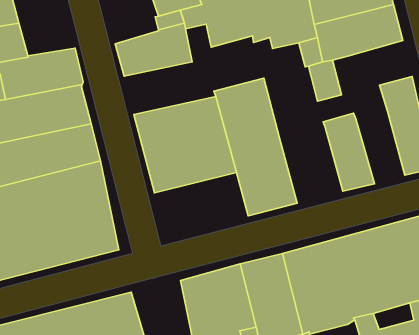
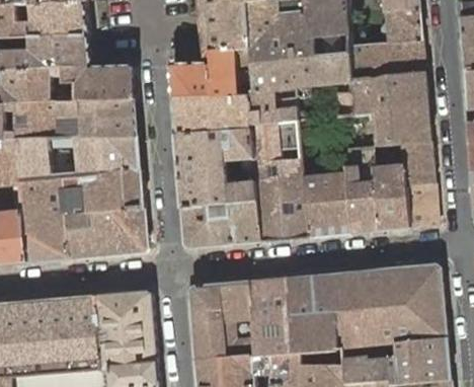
building: none -> [173,79,310,132]
building: none -> [375,105,430,144]
building: none -> [374,166,409,229]
building: none -> [303,171,351,235]
building: none -> [183,199,263,246]

